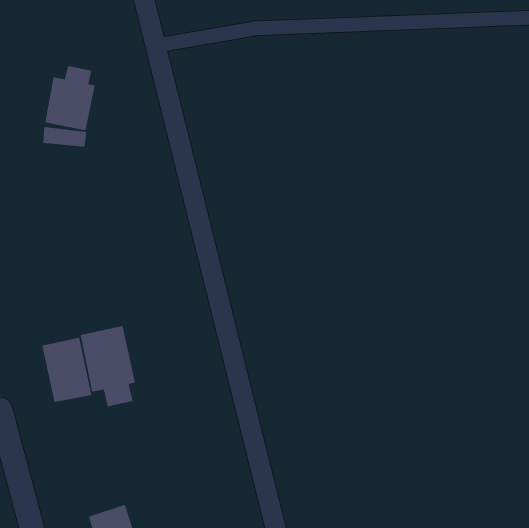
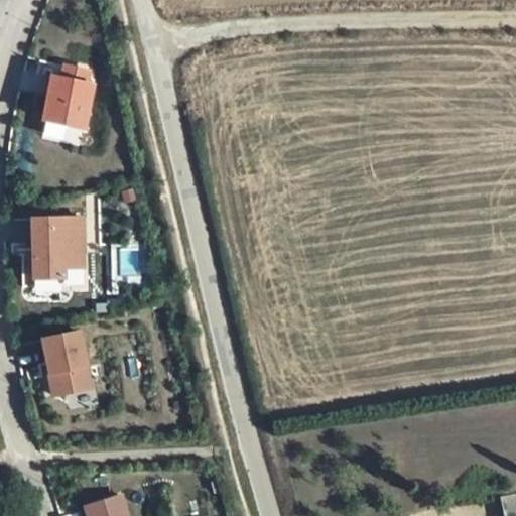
building: none -> [31,216,83,277]
building: [80,325,136,407] -> none

